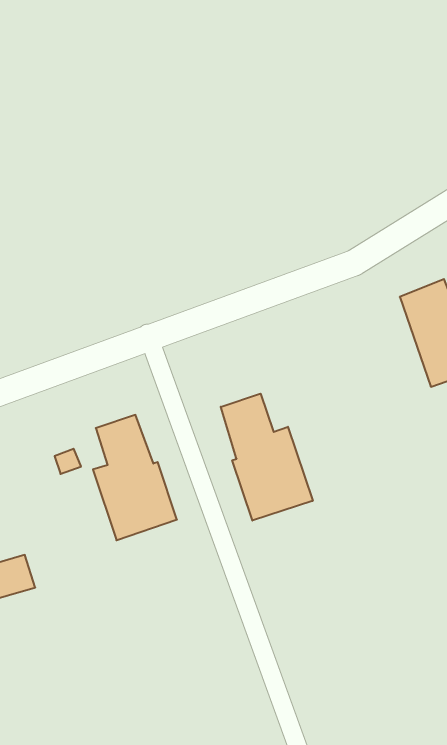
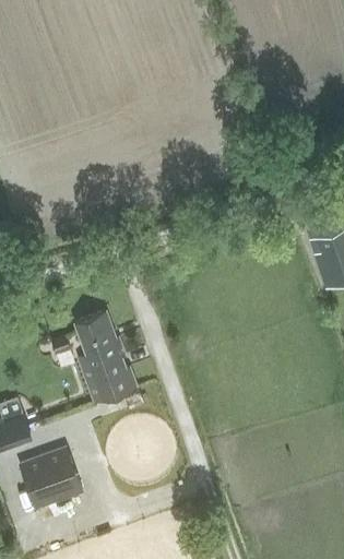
building: [221,394,313,521] -> none
building: none -> [20,447,81,509]

